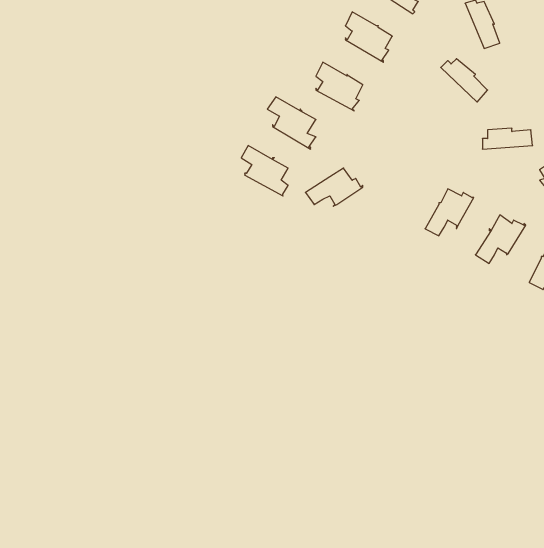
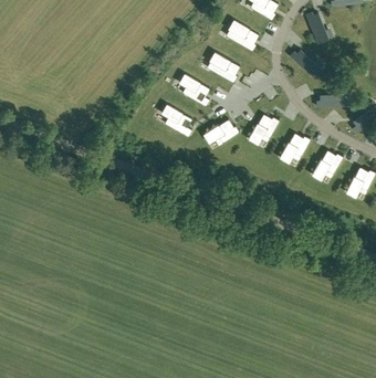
building: none -> [249,114,280,144]

